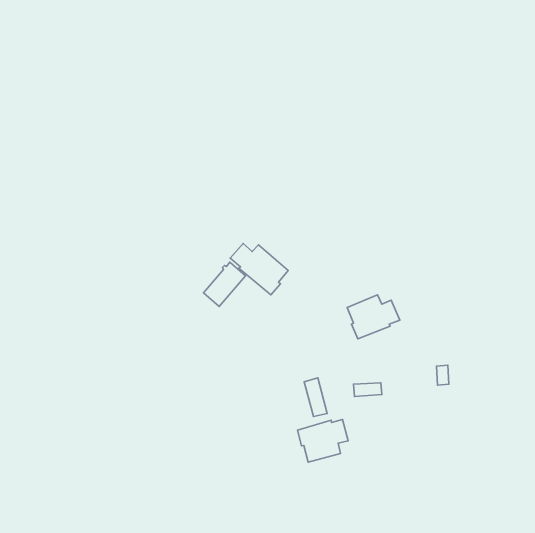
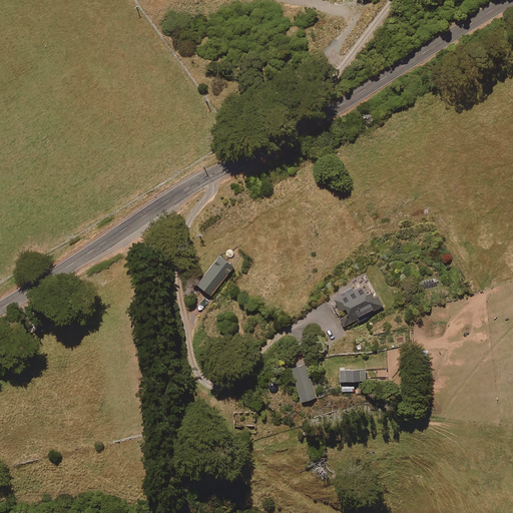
building: [230,243,288,295] -> none
building: [297,420,348,462] -> none

